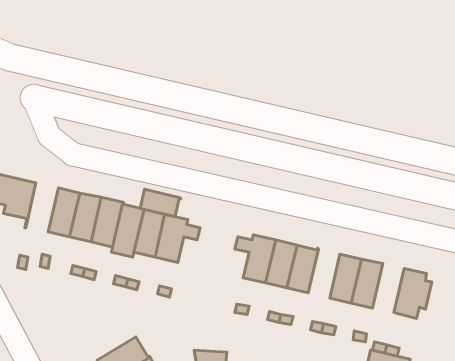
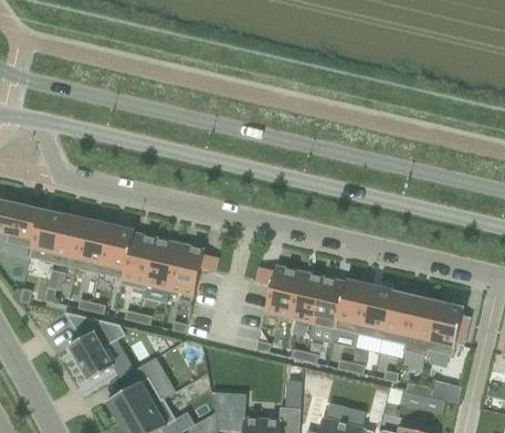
building: none -> [30,209,64,262]
building: [140,189,181,217] -> none
building: none -> [335,281,369,334]
building: none -> [403,296,439,356]
building: none -> [65,311,126,381]

